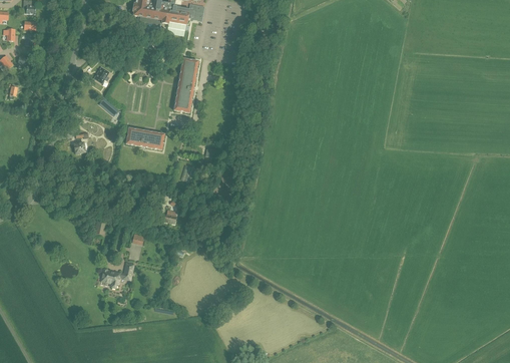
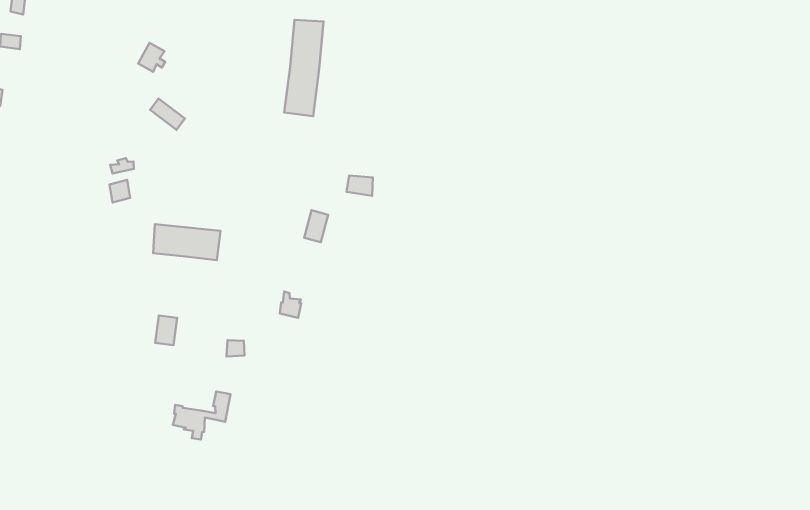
building: [126,127,164,149] -> [153,224,220,260]

